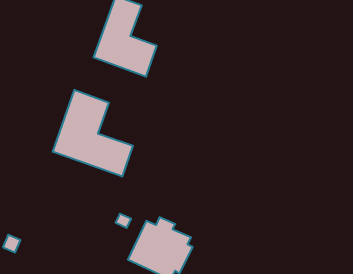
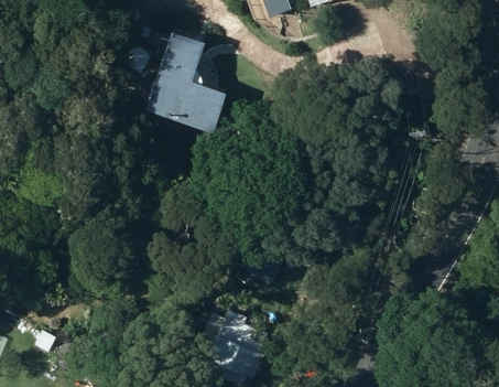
building: [53,90,133,177] -> none

